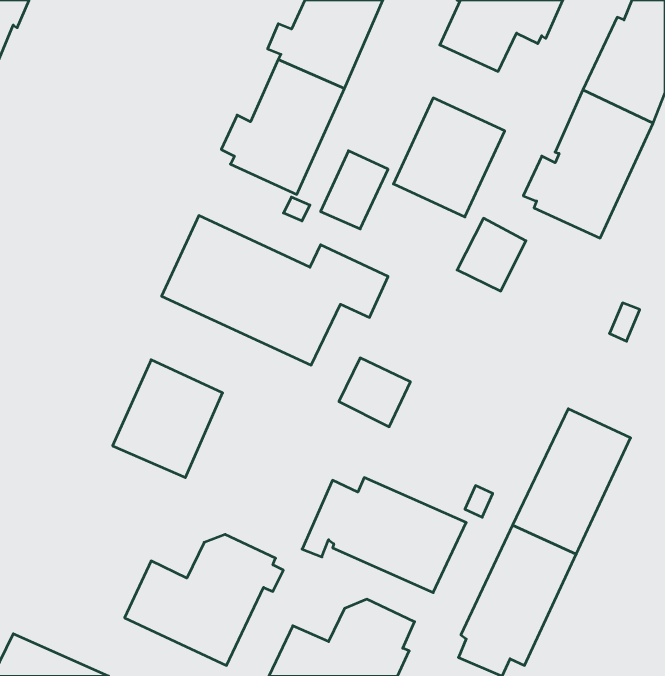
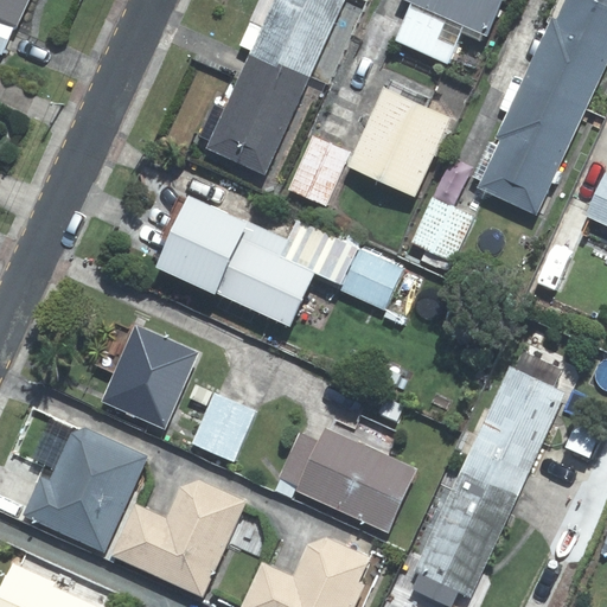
building: [339,358,410,427] -> [337,248,401,309]
building: none -> [189,392,253,461]
building: none -> [24,428,148,551]

